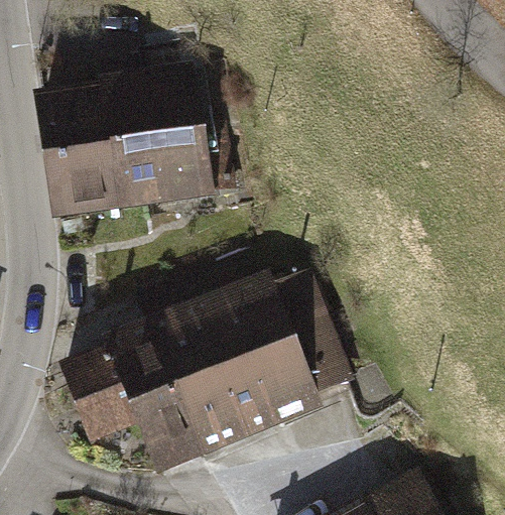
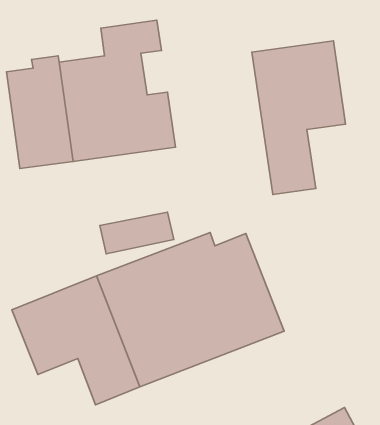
building: none -> [252,41,345,194]

